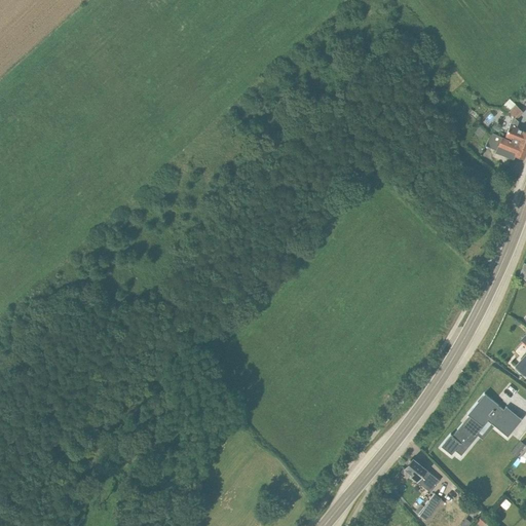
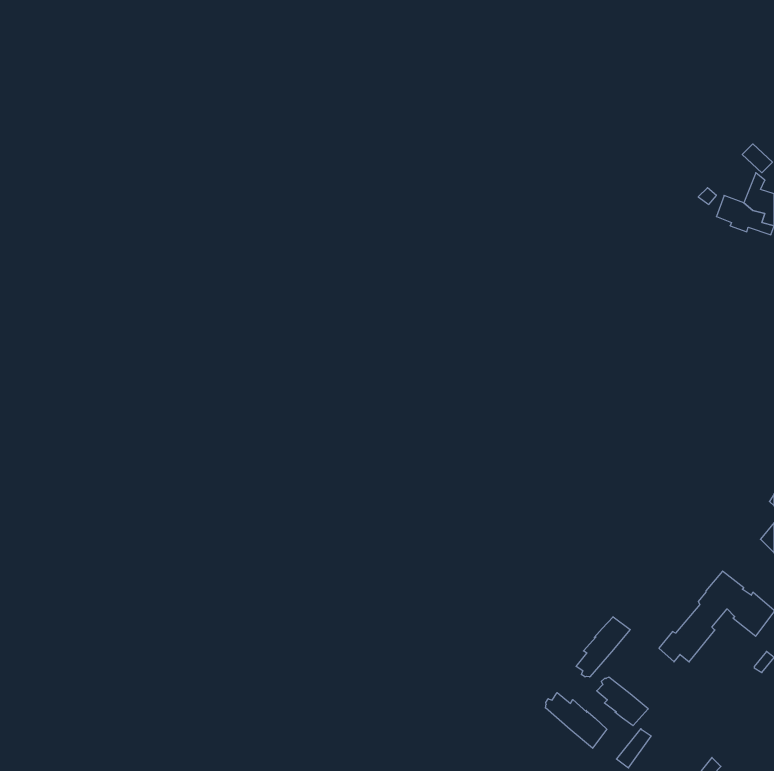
building: none -> [576,617,630,677]
building: none -> [545,693,607,748]

